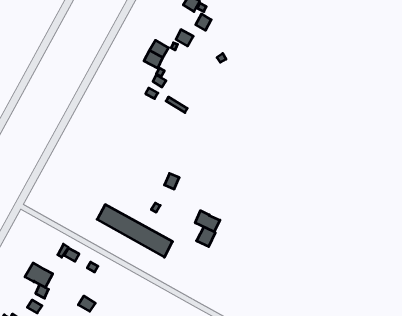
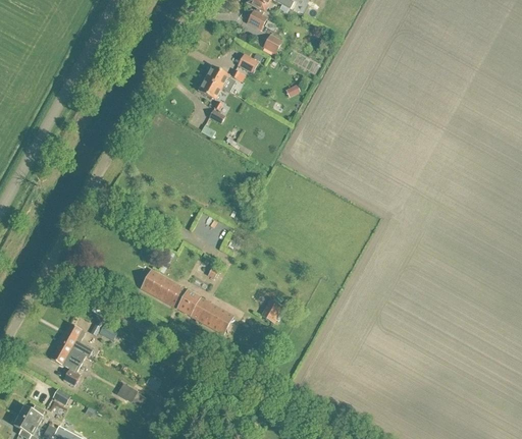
building: [195,211,220,232] -> none
building: none -> [61,324,93,358]

